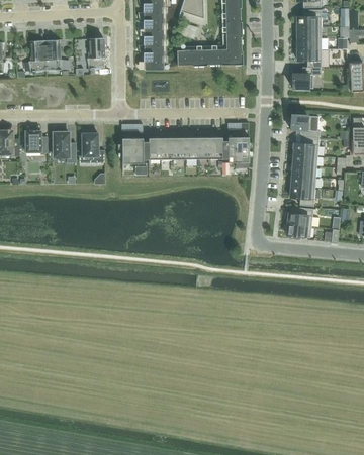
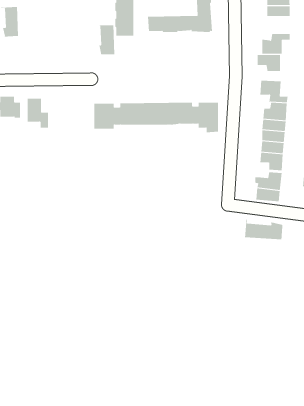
building: [85,37,104,68] -> [96,25,115,55]
building: [44,38,64,70] -> none
building: [297,49,322,67] -> [257,55,281,72]
building: [82,131,104,162] -> none
building: none -> [245,218,283,240]

